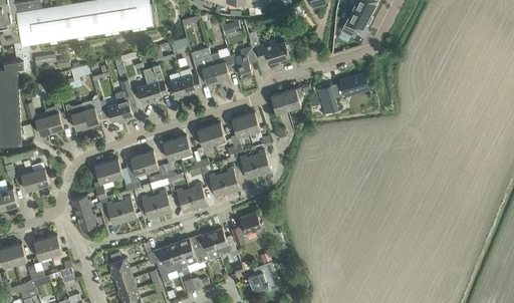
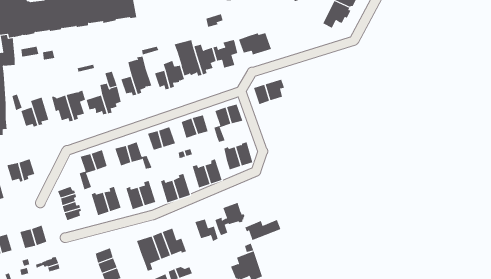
building: [317,72,368,113] -> none
building: none -> [244,219,281,241]
building: [198,232,220,262] -> none

